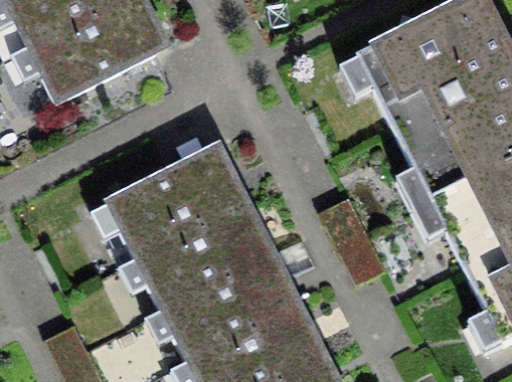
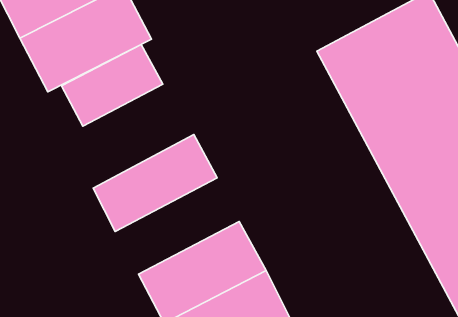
building: none -> [62,44,163,126]
building: [131,194,266,299] -> none

